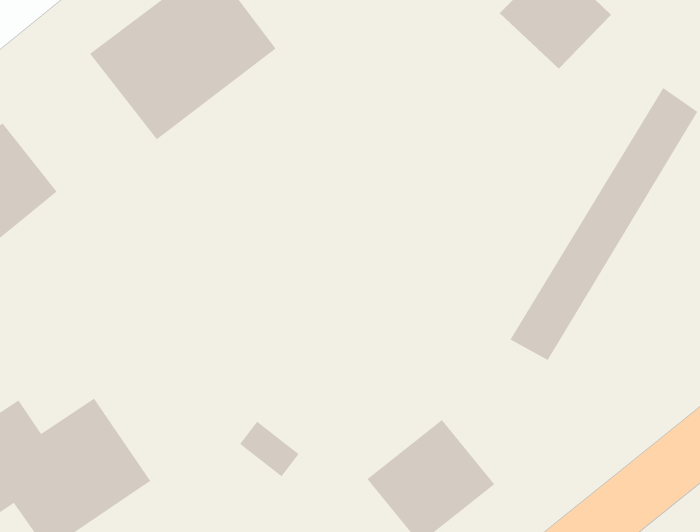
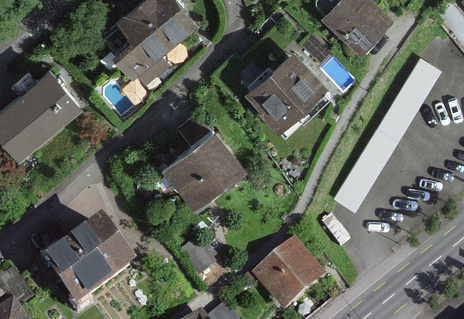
building: none -> [248,51,328,129]
building: none -> [163,112,247,212]

